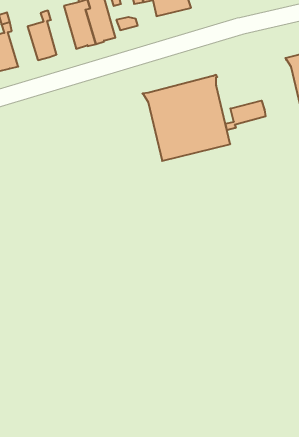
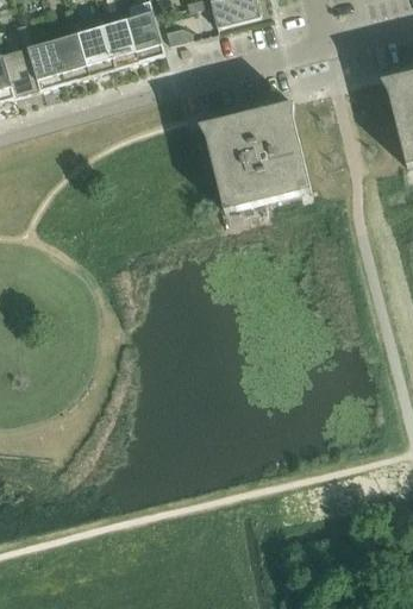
building: none -> [76,13,113,75]
building: none -> [26,39,64,90]
building: [226,101,266,130] -> none

